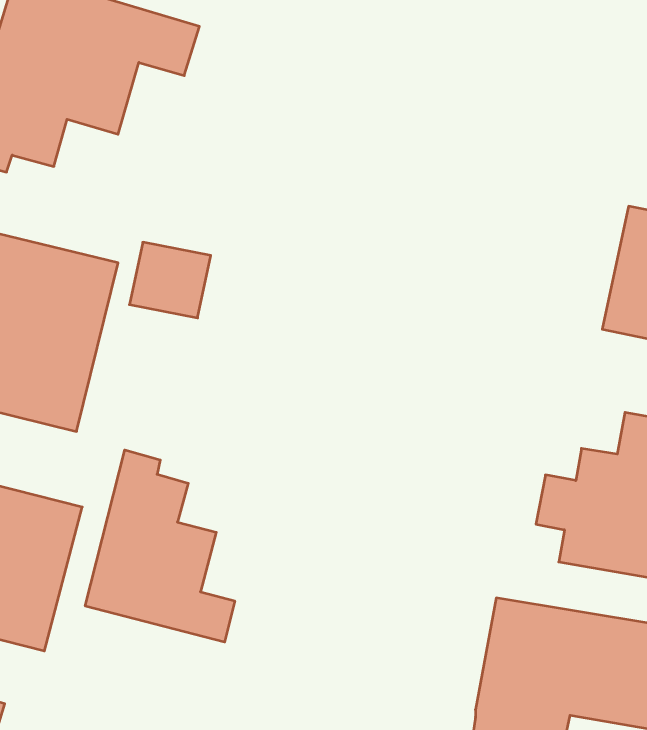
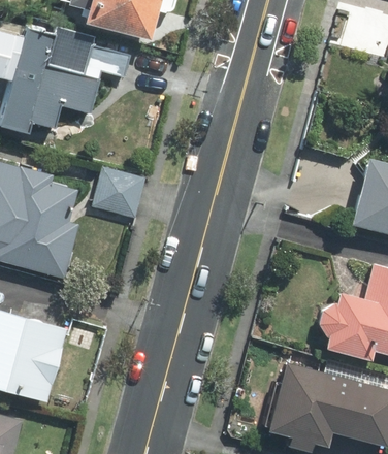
building: [85,450,235,642] -> none

